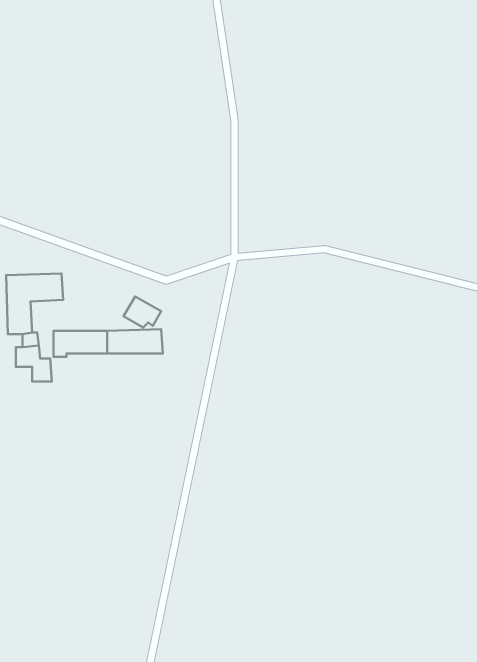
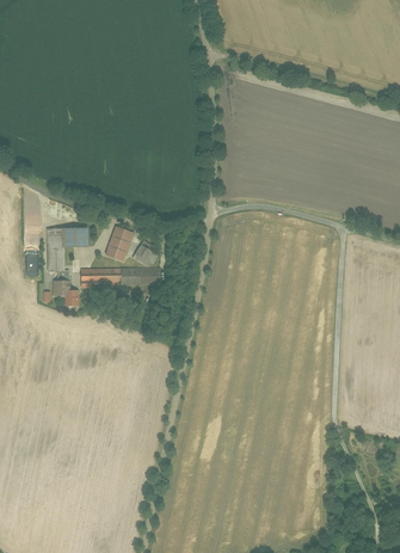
building: none -> [104,226,134,262]

